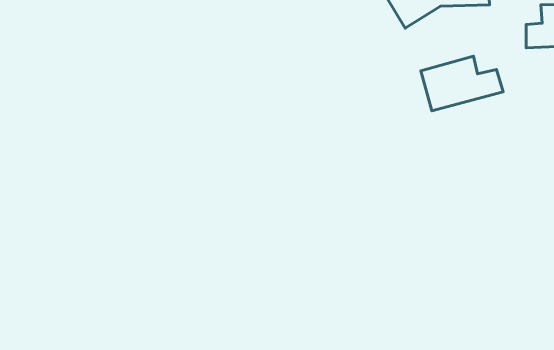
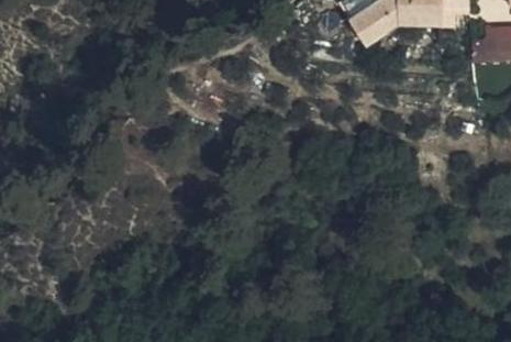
building: [421,56,503,111] -> none

